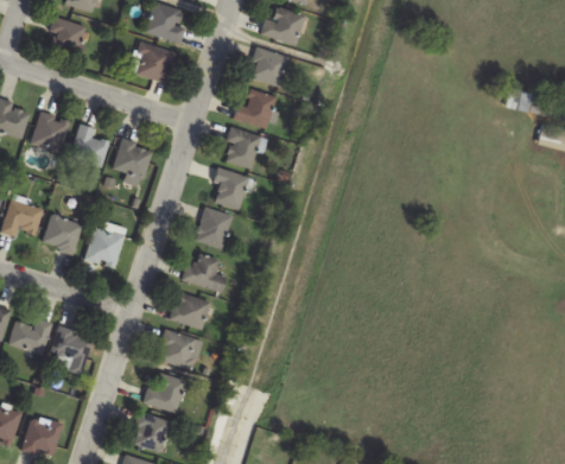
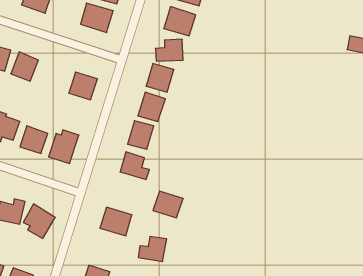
building: [70,125,107,166] -> none
building: [169,292,211,330] -> [153,191,183,218]
building: [142,375,183,411] -> [138,236,167,262]

